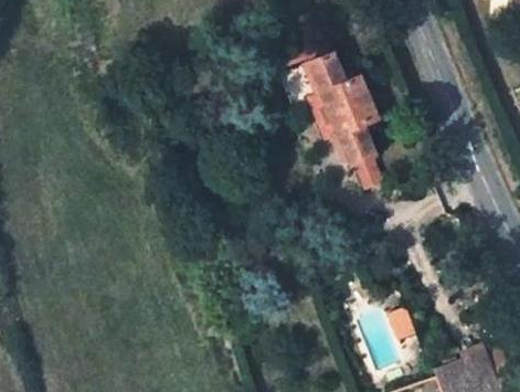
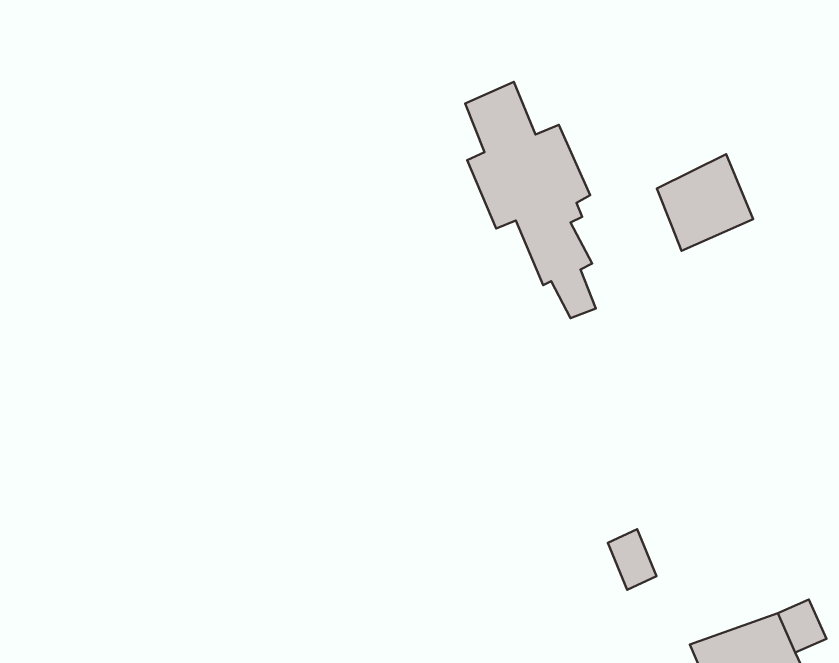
building: none -> [657,154,753,251]

